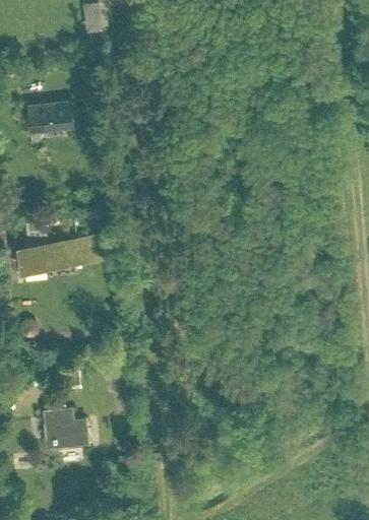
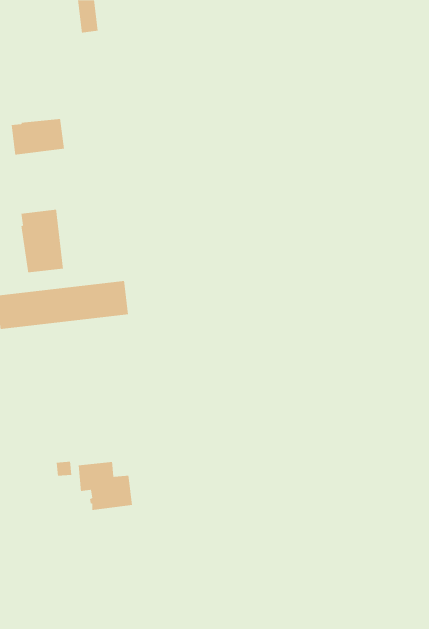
building: none -> [21,209,64,273]
building: [42,409,86,449] -> [78,461,133,510]

